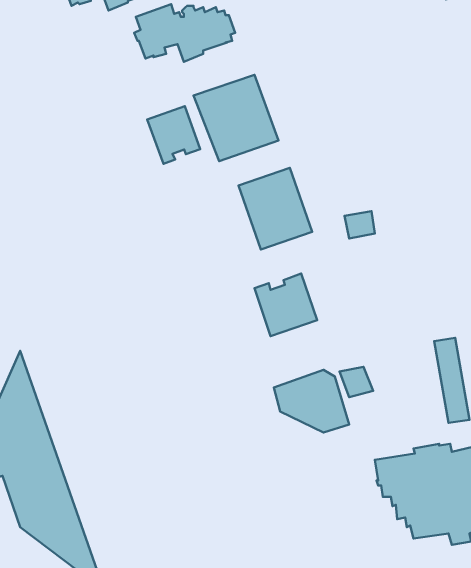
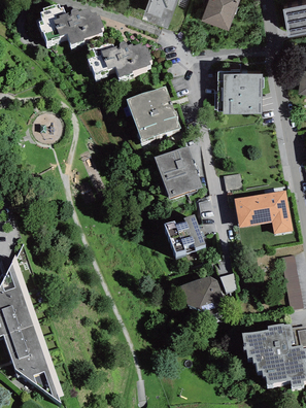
building: none -> [217,70,262,112]
building: [147,106,200,164] -> none
building: none -> [234,189,293,233]

